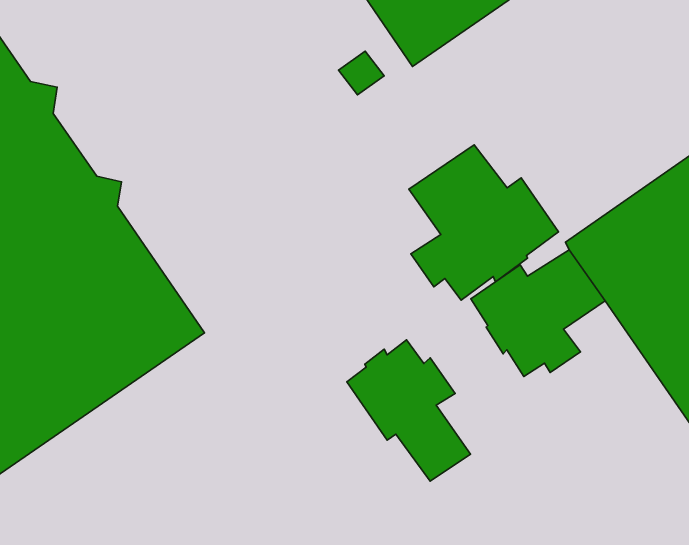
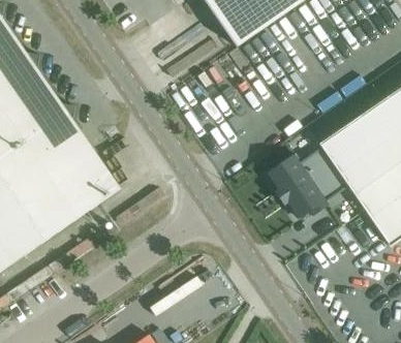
building: [409,145,558,300] -> none
building: [347,340,471,481] -> none

